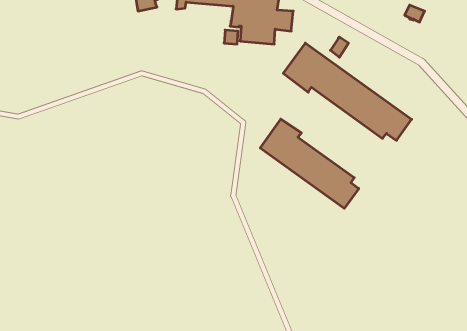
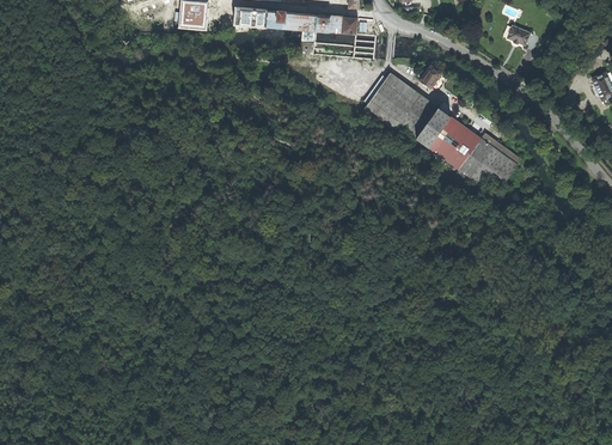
building: [260,119,359,208] -> none

